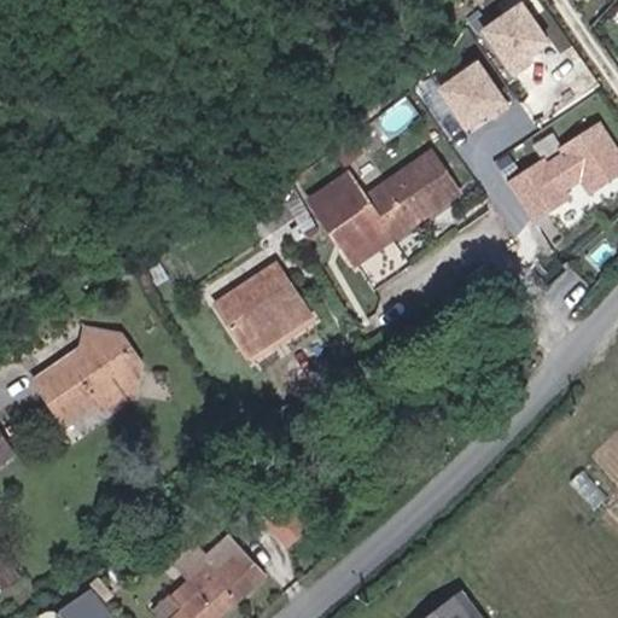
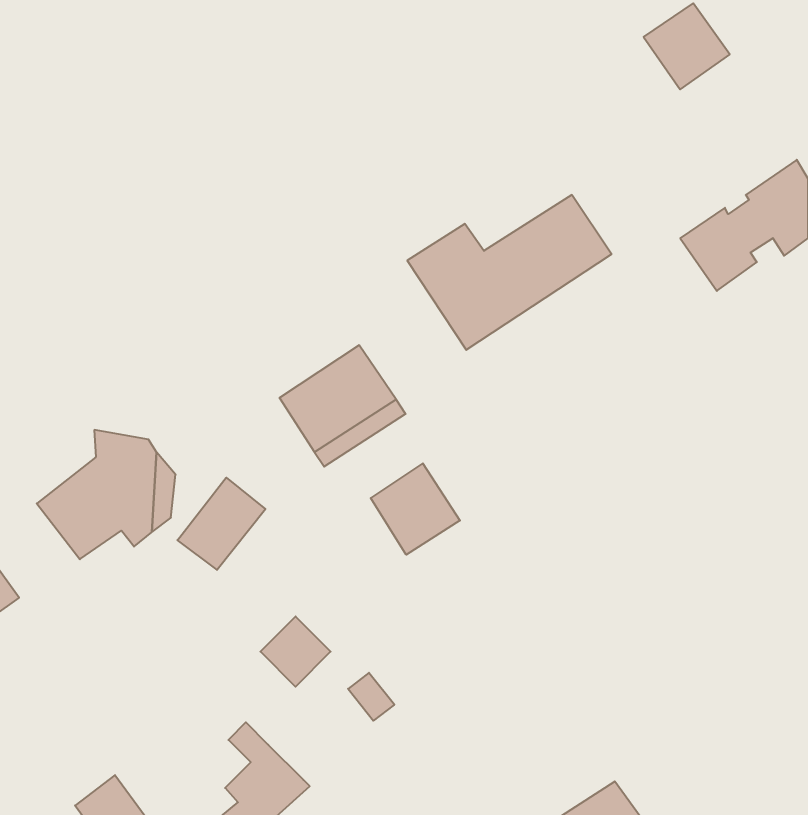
building: [442,62,511,130] -> none
building: none -> [371,463,460,555]
building: none -> [177,478,265,570]
building: [203,537,256,590] -> [260,616,331,687]

